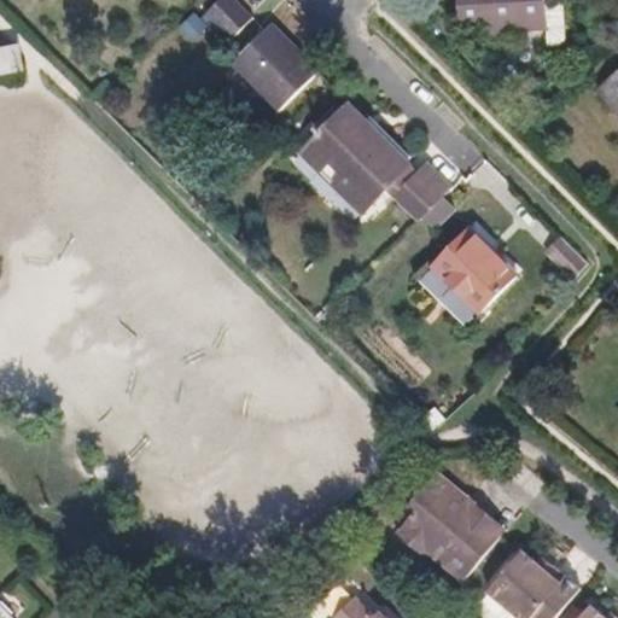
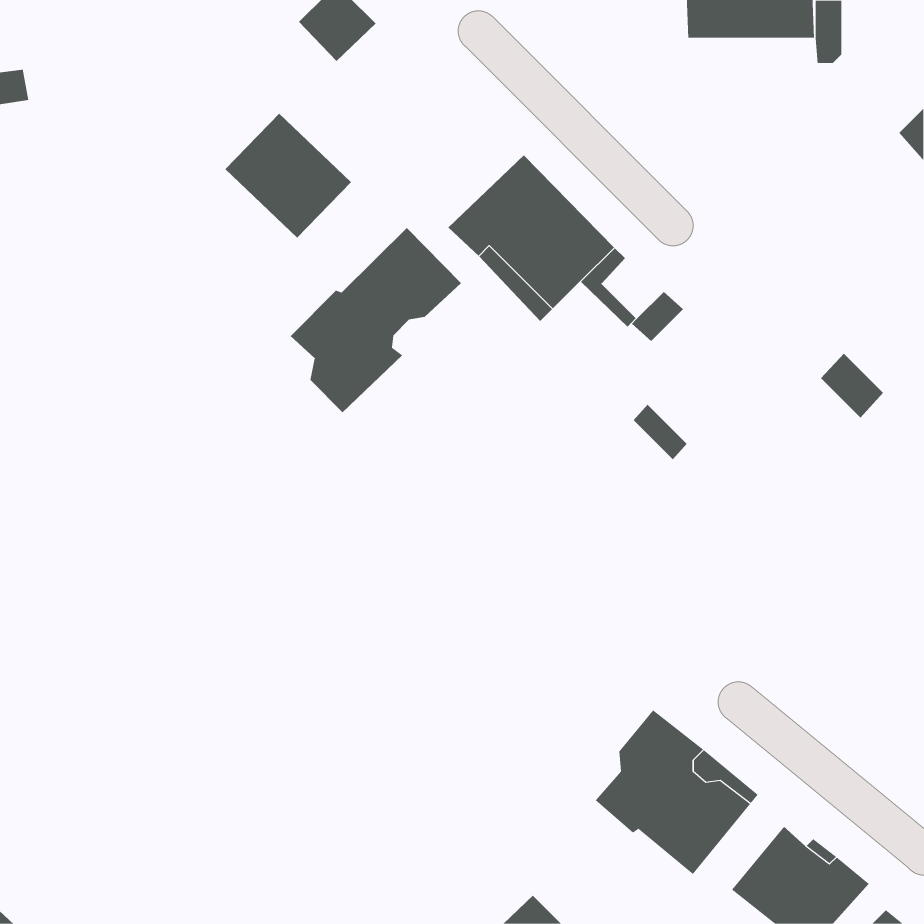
building: [232,24,316,107] -> [224,113,352,238]
building: none -> [290,227,462,413]
building: [400,163,448,211] -> none
building: [430,226,515,311] -> none

